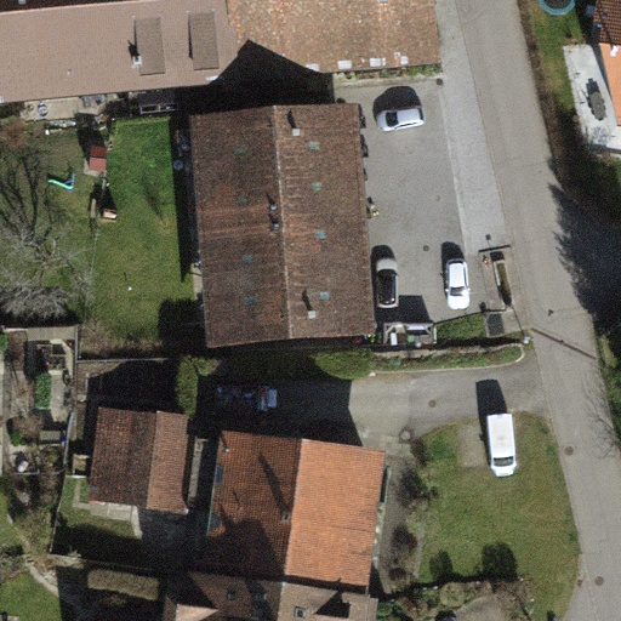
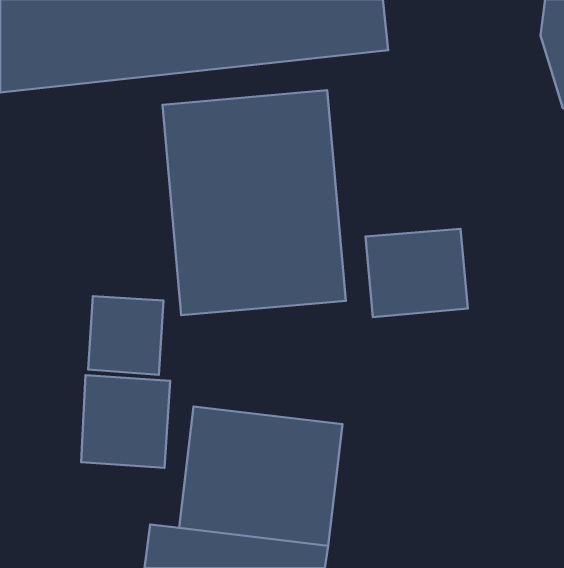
building: none -> [365,229,468,317]
building: none -> [88,296,164,375]

